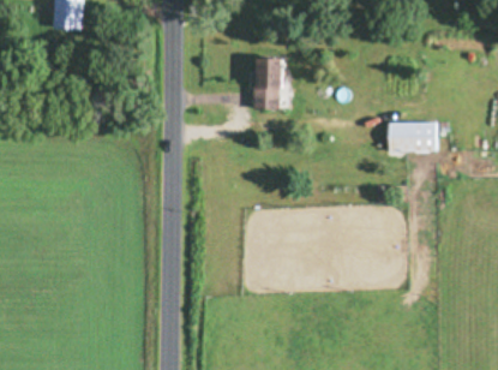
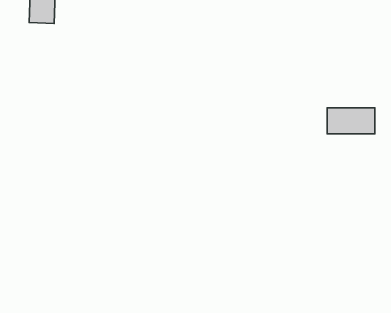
building: [253,59,278,109] -> none

